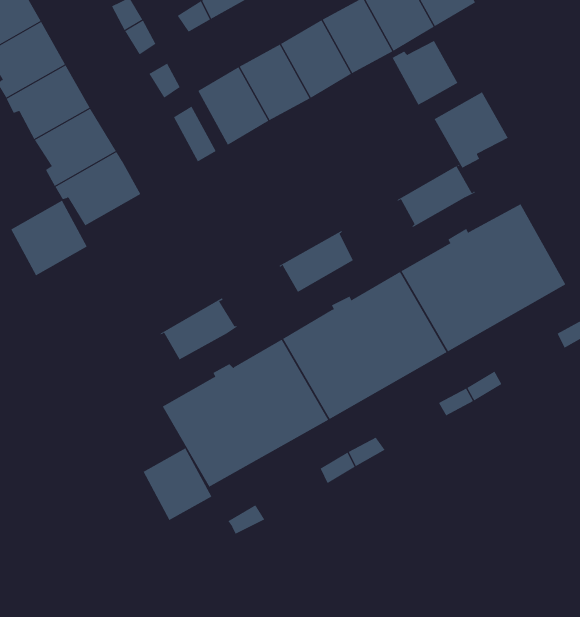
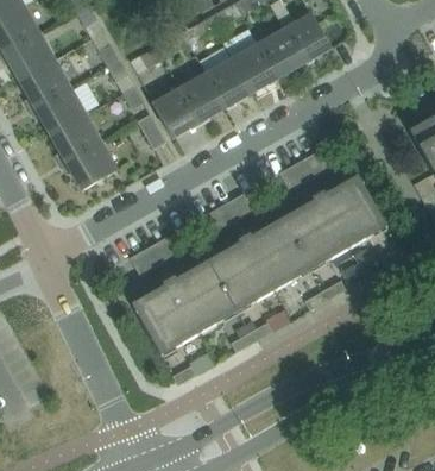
building: [392,40,458,106] -> none
building: [434,91,509,169] -> none
building: [11,200,87,276] -> none
building: [143,448,212,521] -> none

